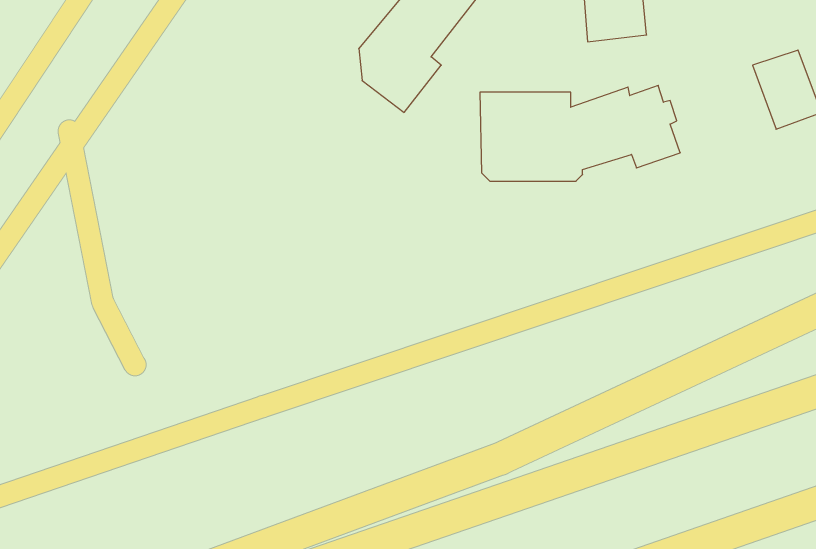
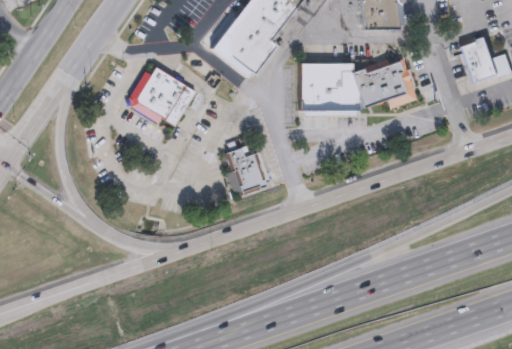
building: none -> [136,66,194,124]
building: none -> [224,146,269,195]

